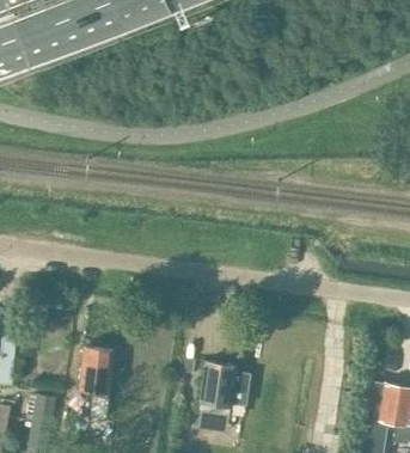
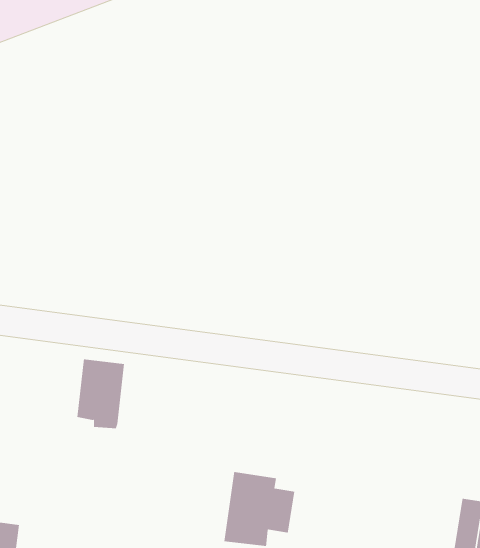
building: [79,349,114,399] -> [77,359,125,429]

